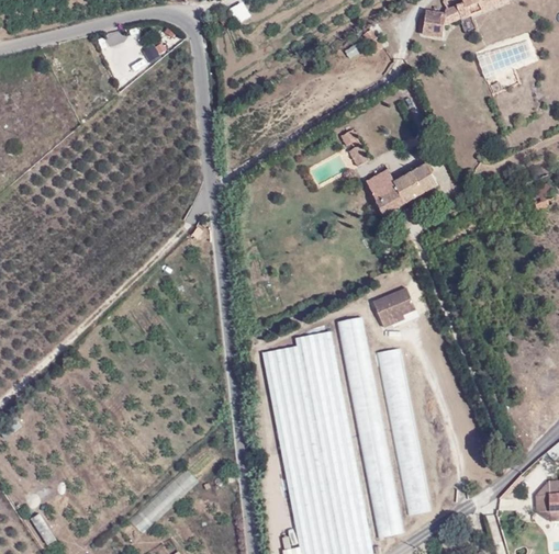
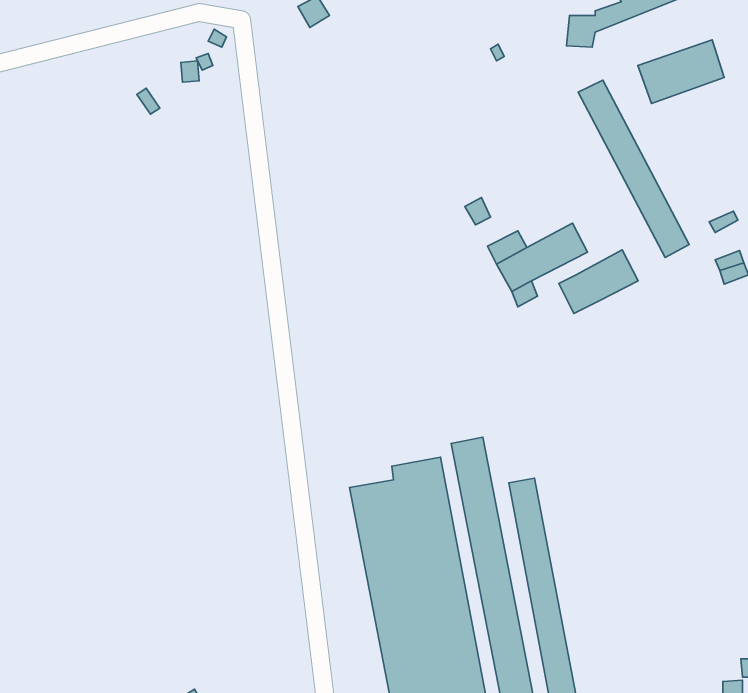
building: none -> [578,80,689,258]
building: none -> [559,250,638,314]
building: [373,291,413,324] -> none

